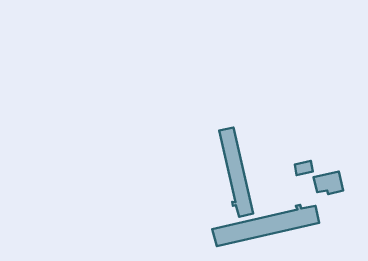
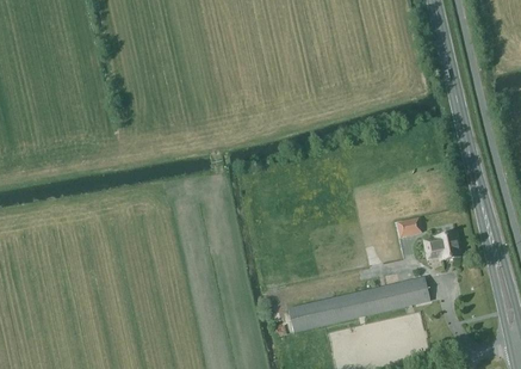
building: [219,128,253,217] -> none

